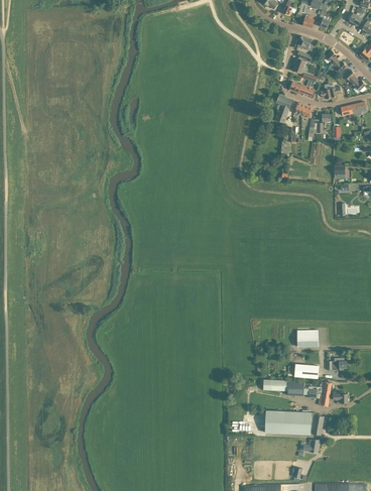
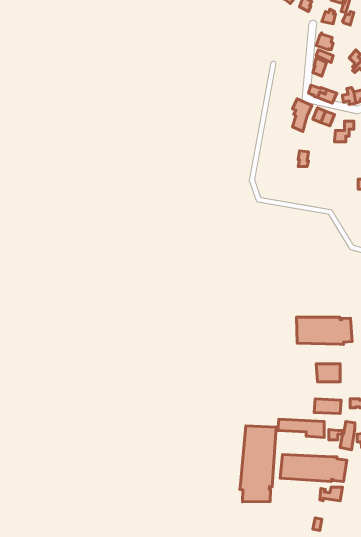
building: none -> [296,317,352,344]
building: none -> [240,426,276,502]

